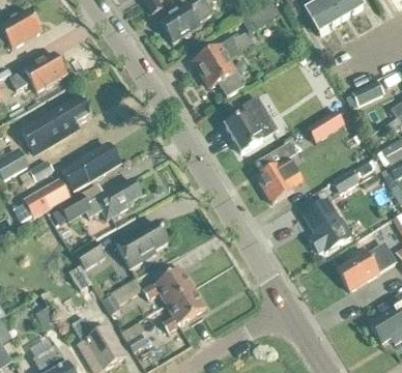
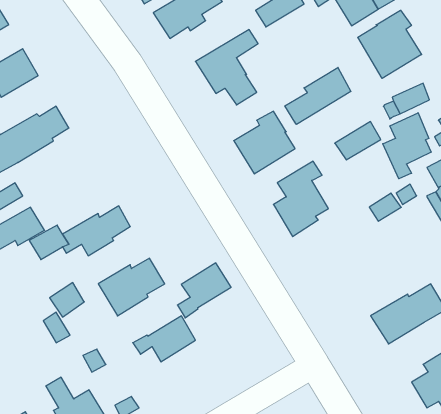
building: none -> [358,10,422,78]
building: none -> [285,67,351,124]
building: none -> [383,113,431,179]
building: [63,146,119,191] -> none
building: [304,200,351,252] -> none
building: [163,287,206,332] -> [177,263,231,318]

